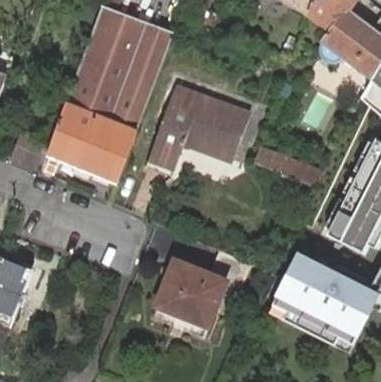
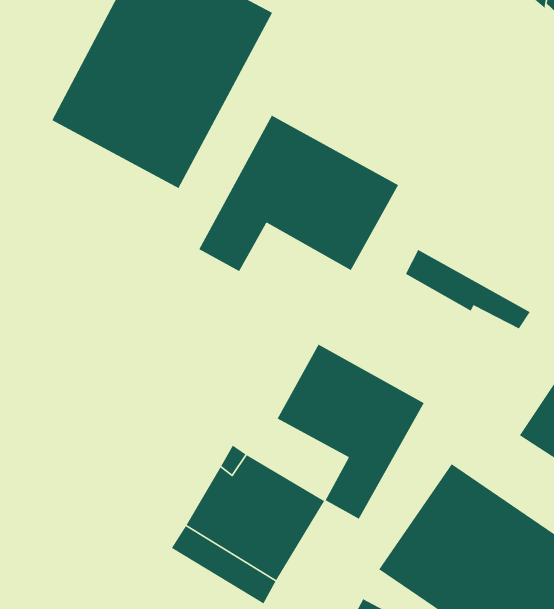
building: [48,102,135,179] -> none
building: none -> [277,343,425,520]

